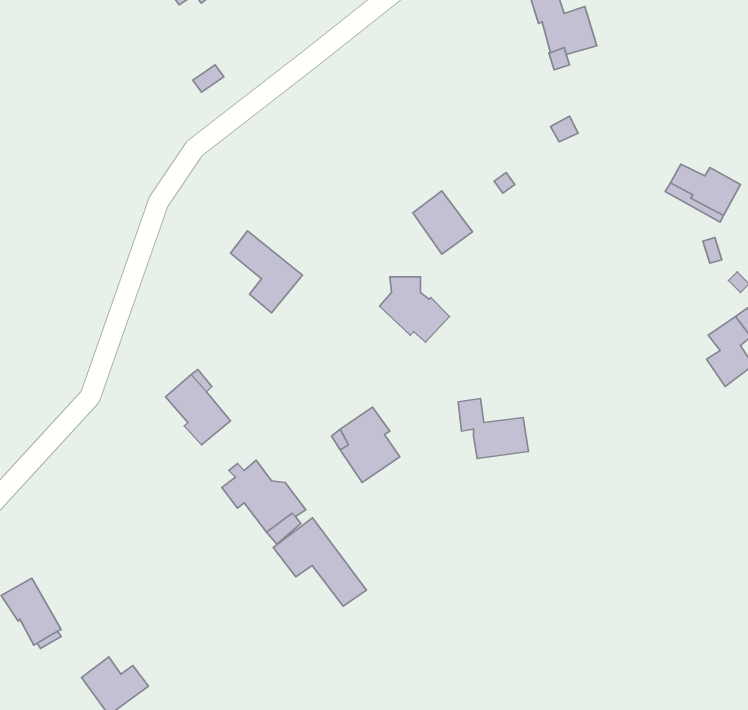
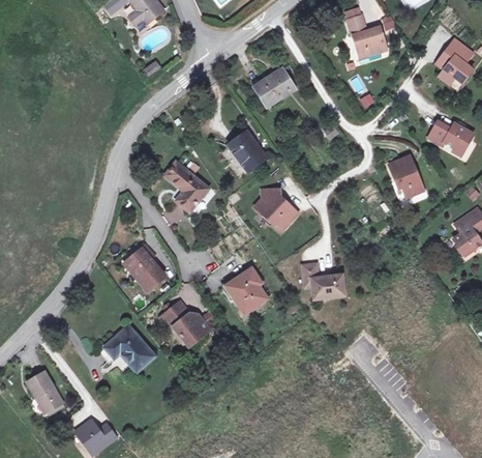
building: none -> [439,38,472,83]
building: none -> [252,66,295,107]
building: [413,191,473,254] -> [229,132,265,170]
building: none -> [388,155,423,197]
building: none -> [104,326,153,370]
building: [273,518,366,606] -> none

